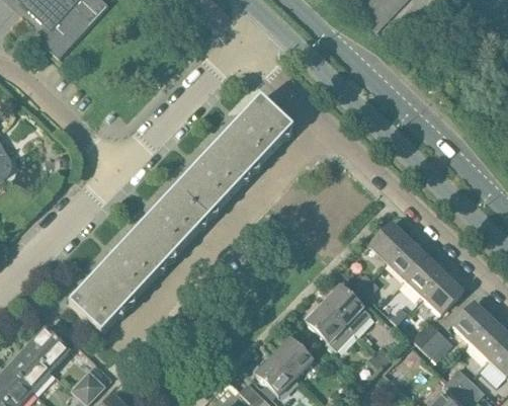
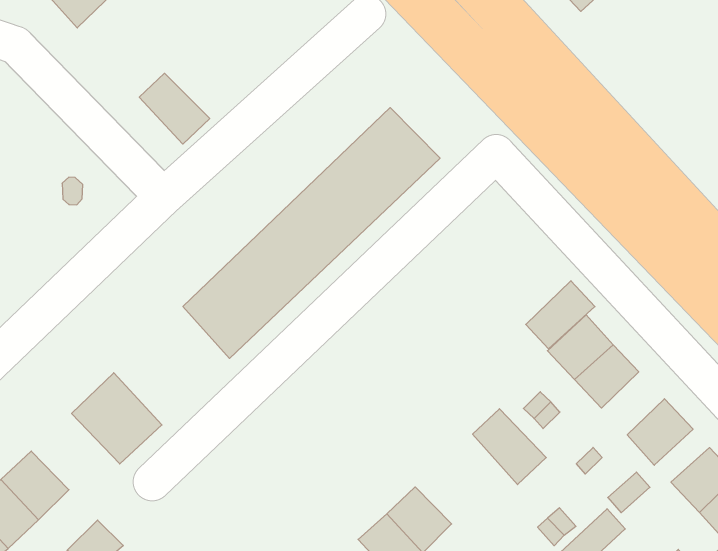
building: none -> [139,73,210,144]
building: none -> [526,281,595,349]
building: [93,230,166,306] -> none
building: [404,255,443,296] -> none
building: [305,301,353,349] -> none
building: [420,328,452,361] -> none

